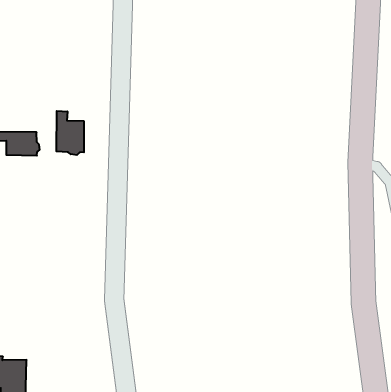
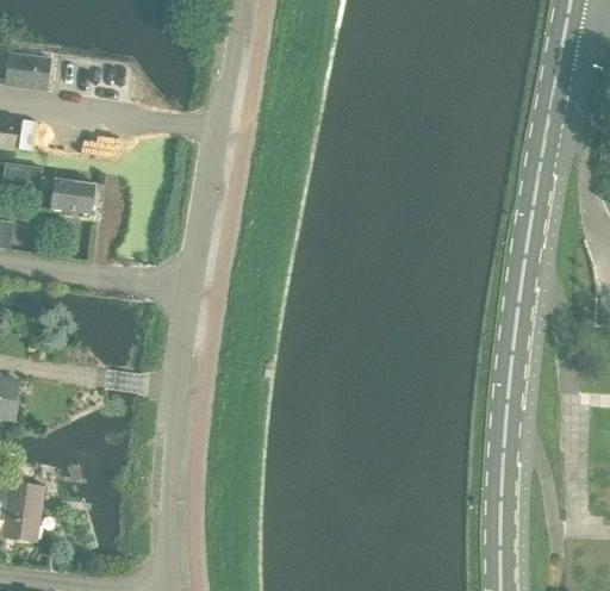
building: [56,111,84,155] -> none

